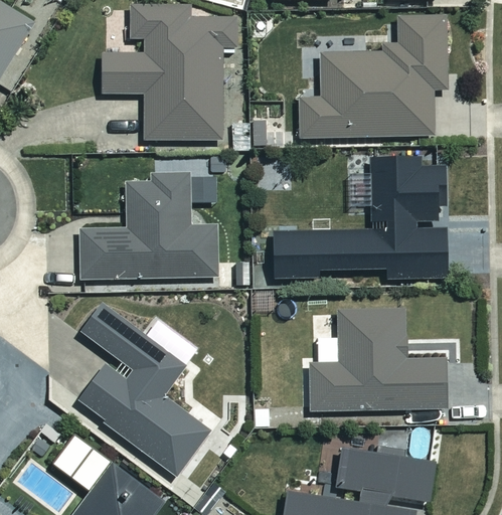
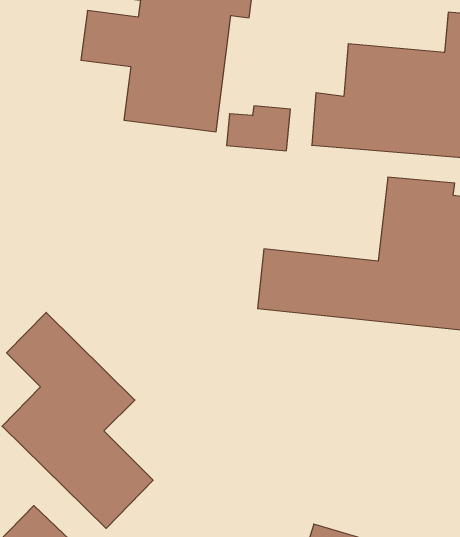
building: [79,175,217,281] -> none
building: [309,308,448,412] -> none

